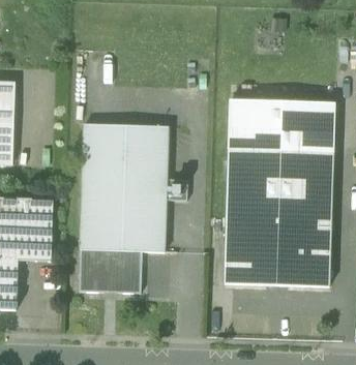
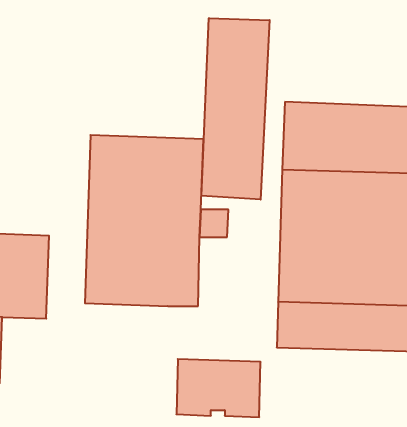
building: none -> [201,18,270,200]
building: [79,249,142,293] -> [176,359,261,417]

